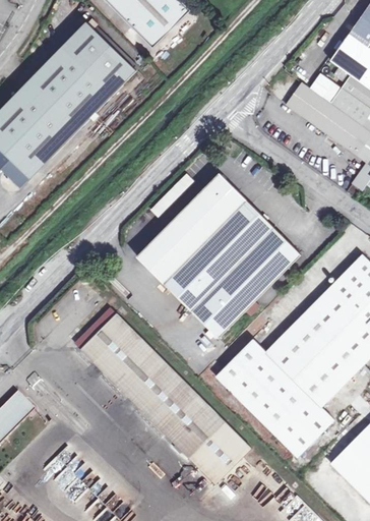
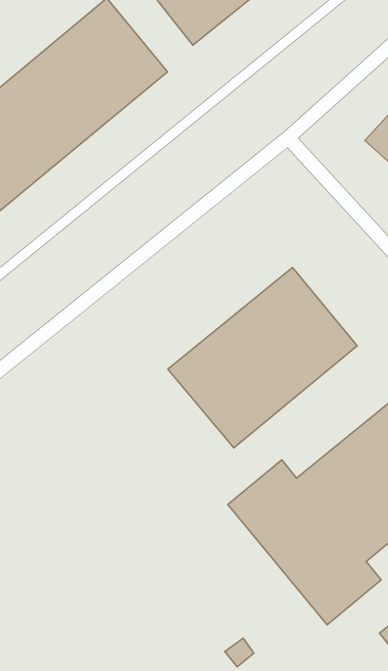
building: [133,174,244,285] -> none
building: [74,305,246,482] -> none

